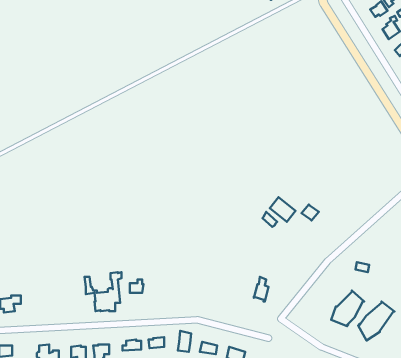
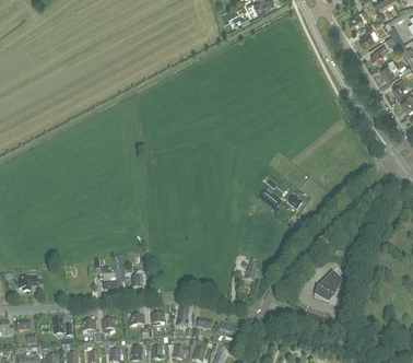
building: [358,302,394,340] -> none

